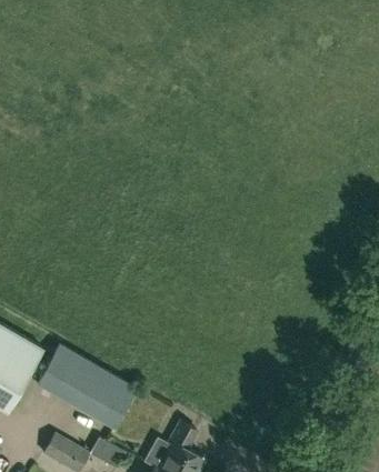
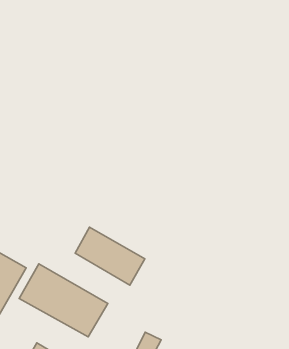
building: none -> [75,227,145,285]

